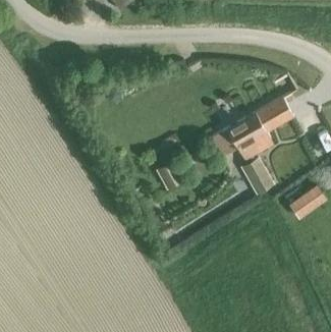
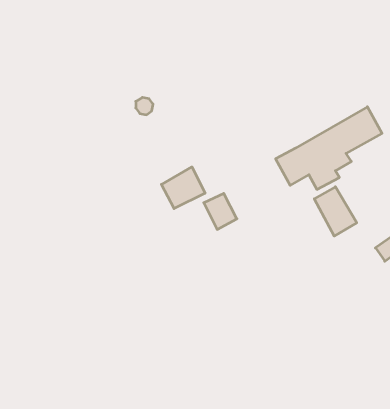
building: none -> [161,167,205,209]

